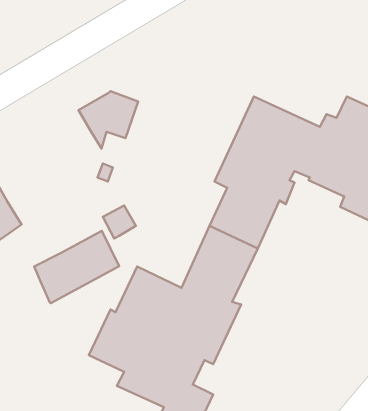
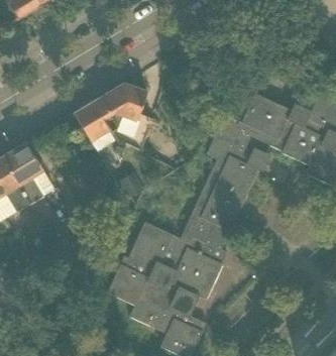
building: none -> [73,98,108,141]
building: [34,231,119,303] -> none

